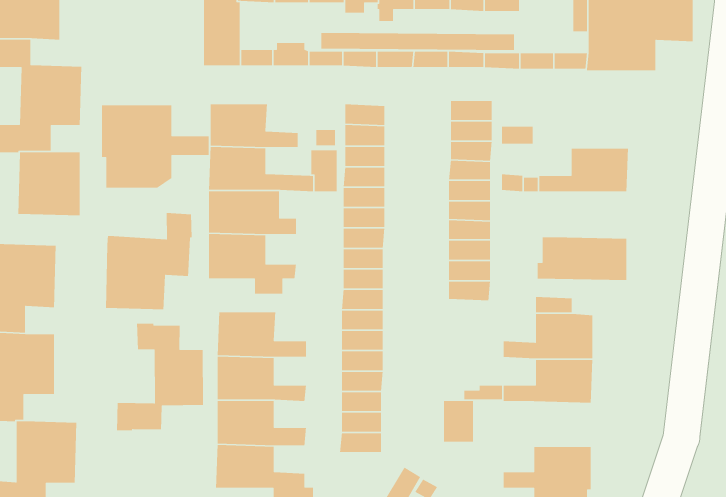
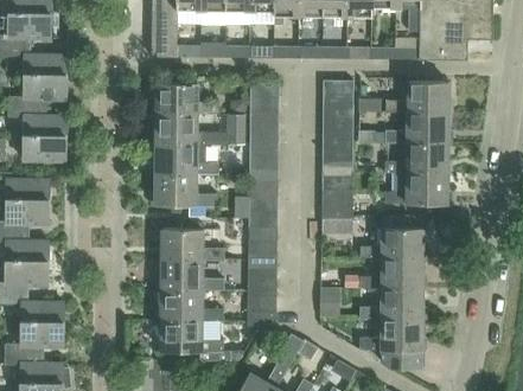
building: none -> [385,82,448,113]
building: [101,105,210,189] -> none
building: none -> [385,143,447,175]
building: [105,212,192,310] -> none
building: [116,323,204,431] -> none
building: none -> [361,289,422,320]

